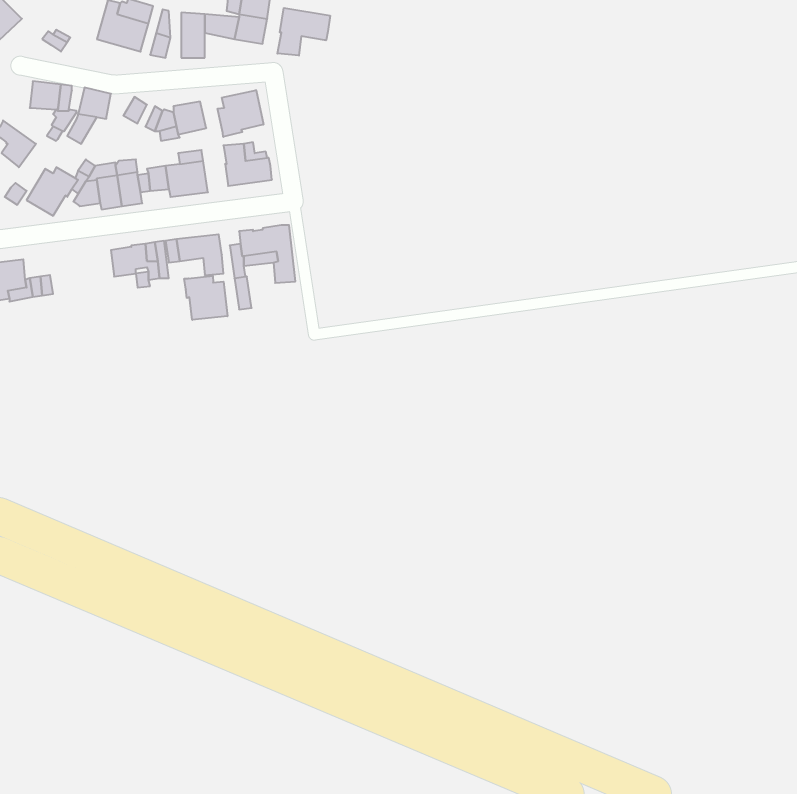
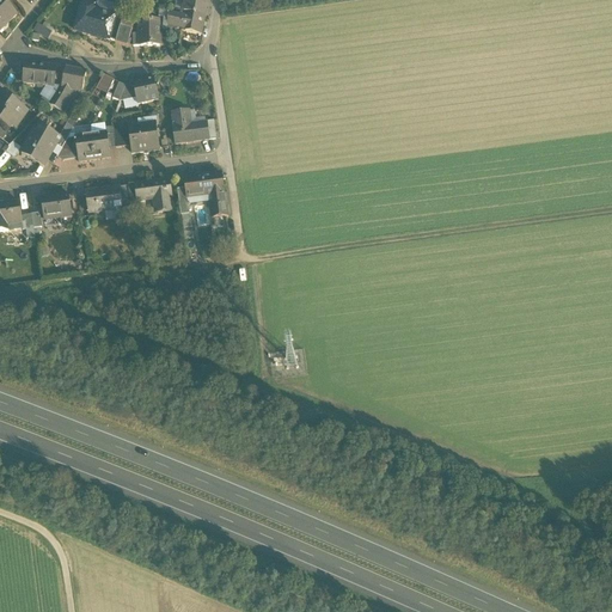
building: [277,8,330,56] -> none
building: [218,90,263,137] -> none
building: none -> [41,192,71,218]
building: [184,276,227,320] -> none

